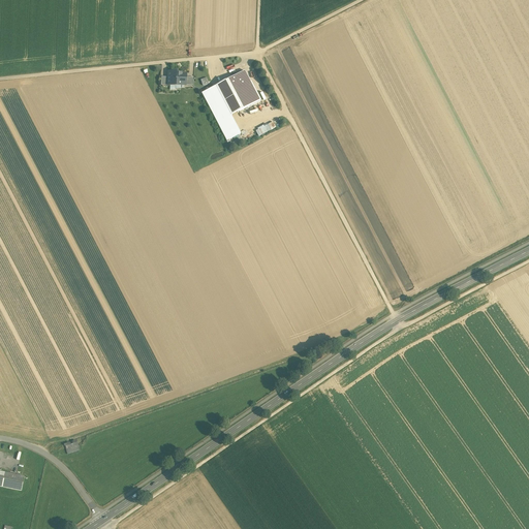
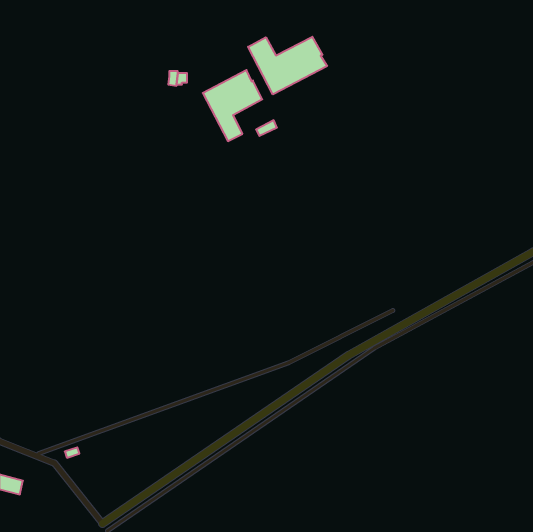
building: none -> [248,37,327,94]

